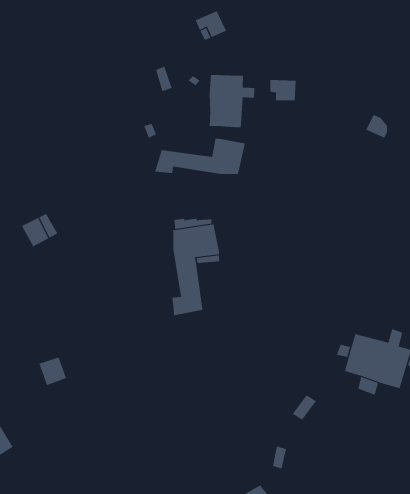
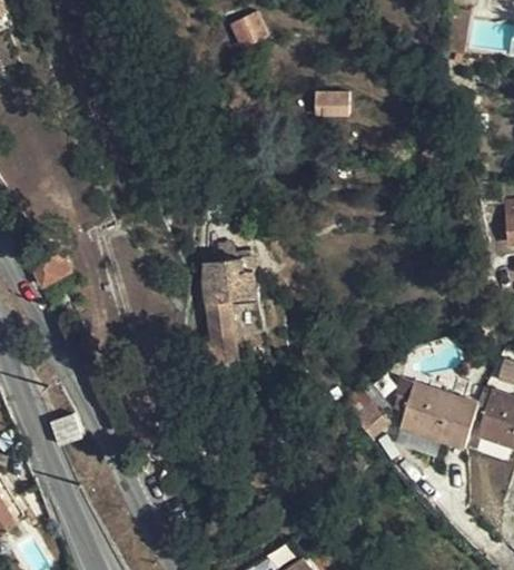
building: [209,74,255,128] -> none
building: [155,138,245,175] -> none

